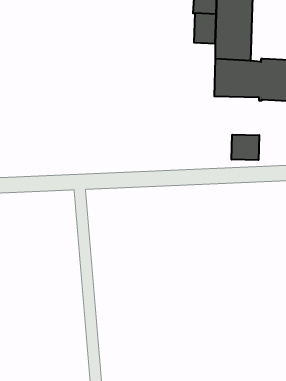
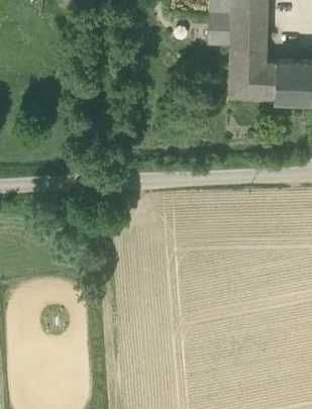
building: [232,135,259,160] -> none

